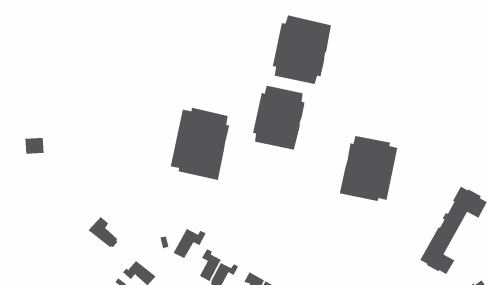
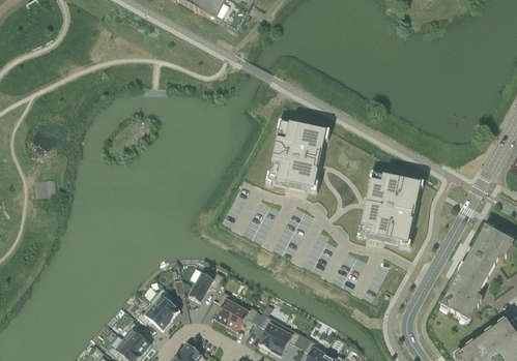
building: [272,14,332,85] -> none
building: [170,107,230,181] -> none
building: [88,216,118,248] -> [148,285,179,319]

